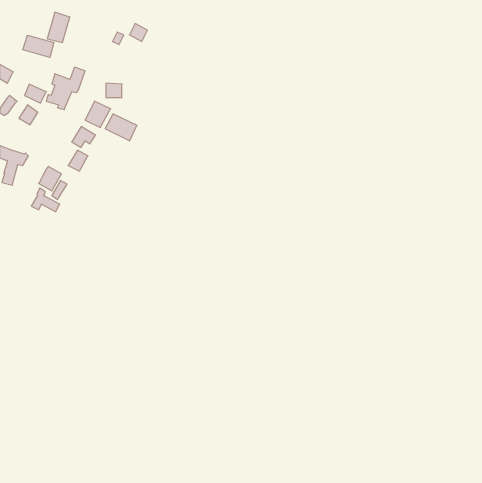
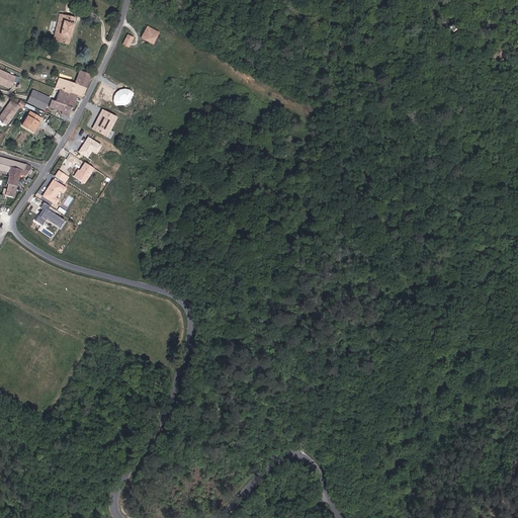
building: [23,35,54,57] -> none
building: [105,114,137,141] -> none

